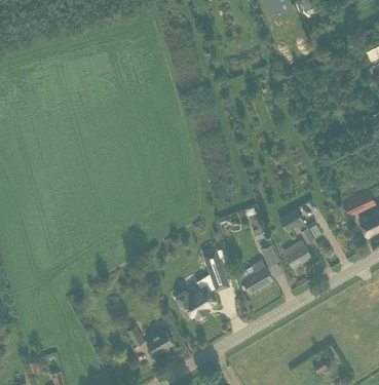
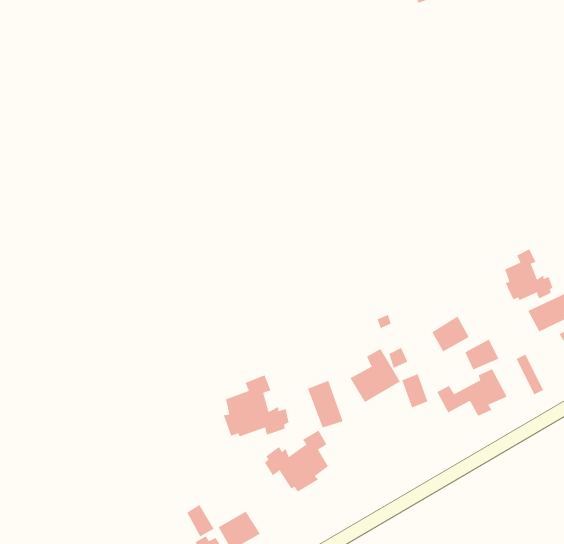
building: none -> [505,248,553,301]
building: none -> [223,375,289,437]
building: [240,257,272,291] -> [349,348,401,403]

